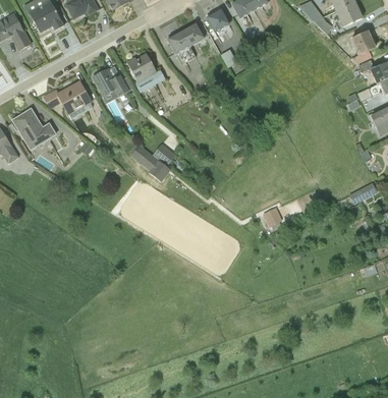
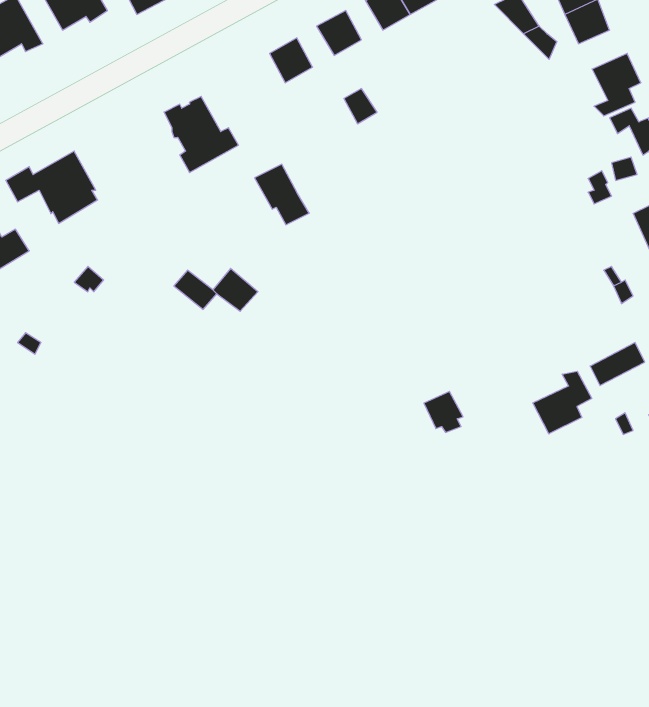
building: [167,31,196,62] -> [255,164,309,225]
building: [92,69,128,102] -> none
building: none -> [533,371,592,434]

